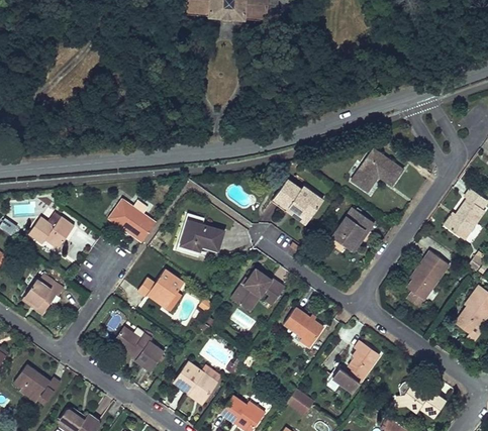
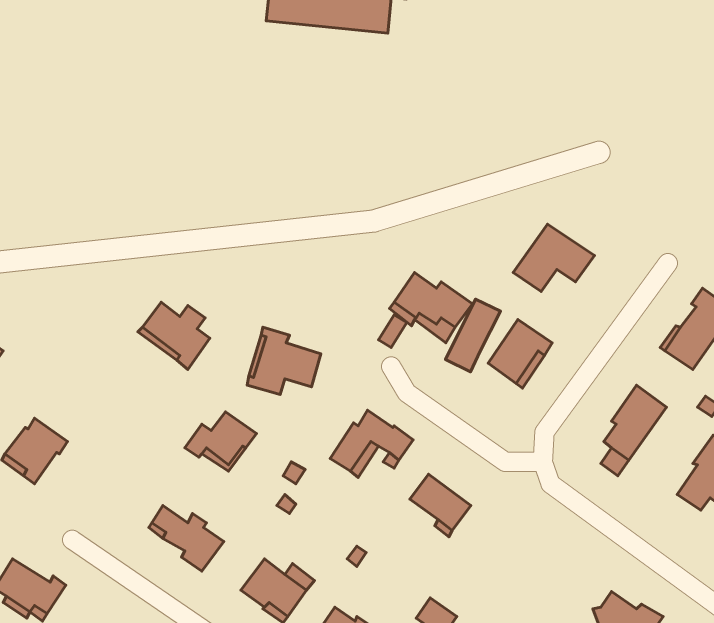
building: none -> [445,299,501,372]
building: [25,216,72,250] -> none
building: [333,340,380,393] -> none

